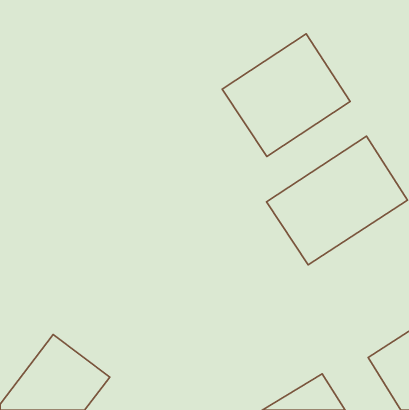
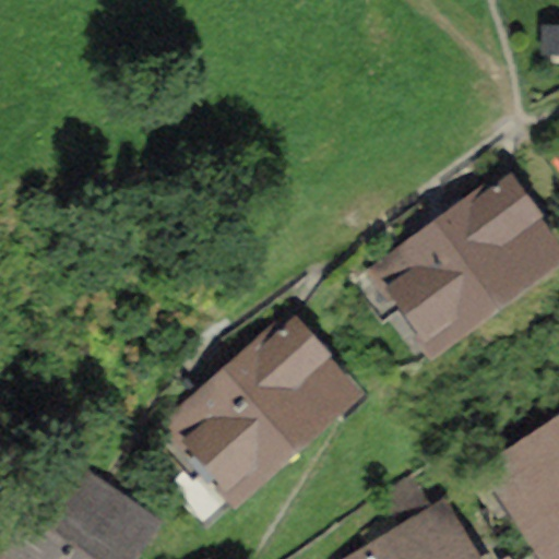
building: [222,34,350,157] -> none
building: none -> [165,312,366,509]

